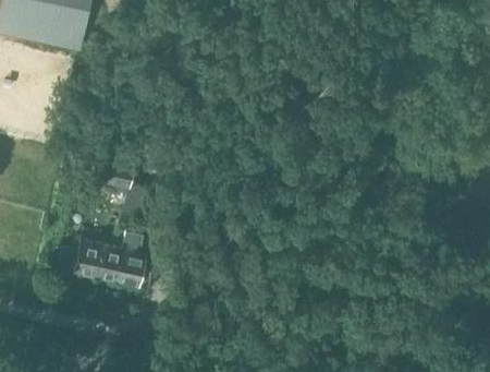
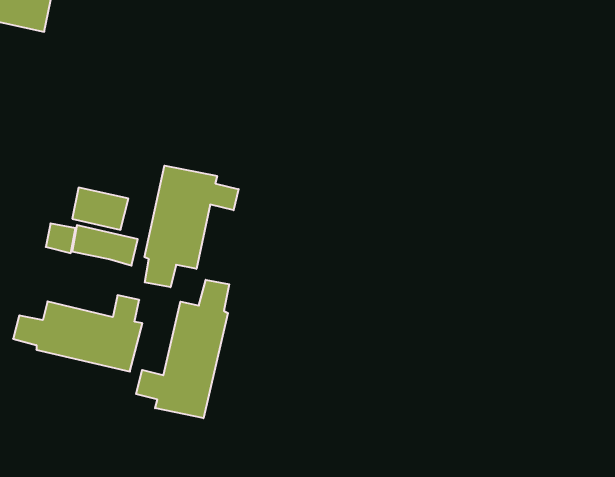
building: none -> [144,166,239,287]
building: none -> [136,280,229,418]

